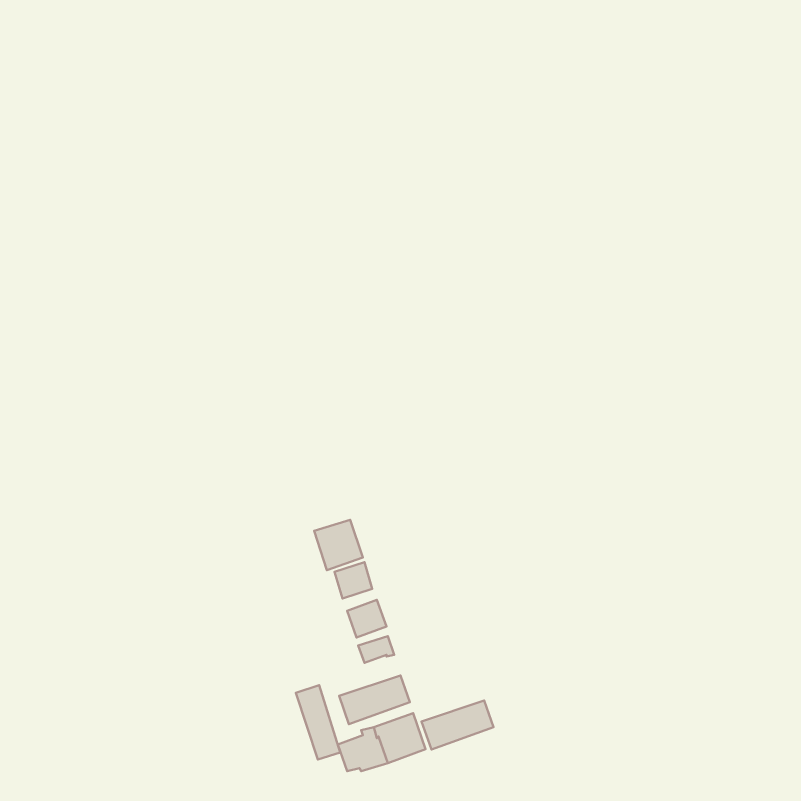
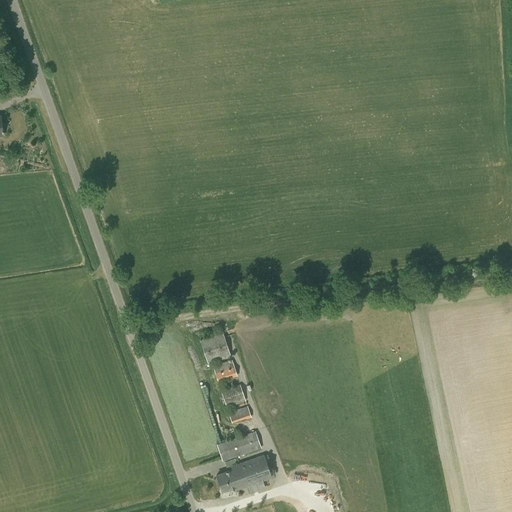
building: [296,685,340,759] -> none
building: [422,700,493,749] -> none

